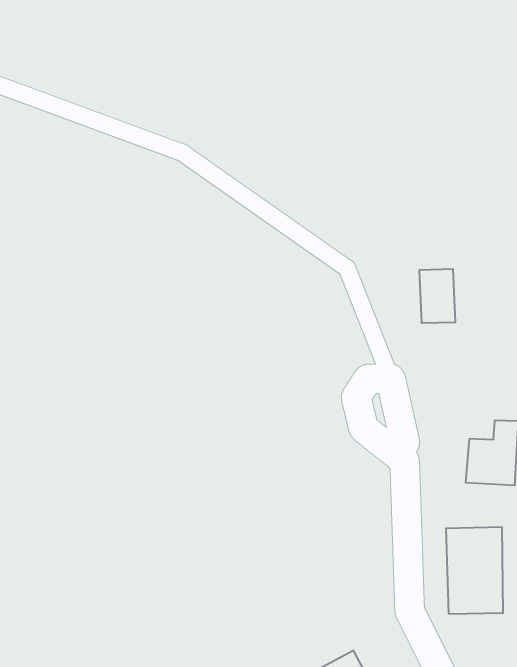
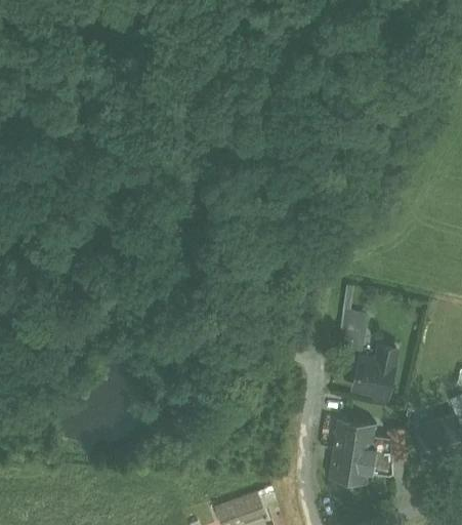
building: [419,269,455,323] -> [344,312,372,352]

